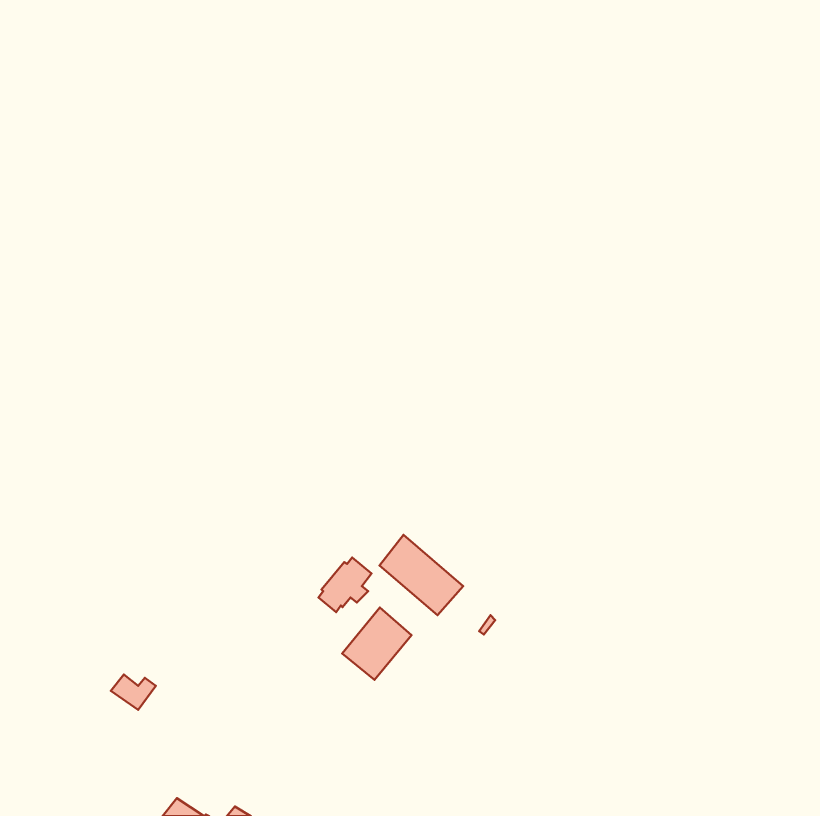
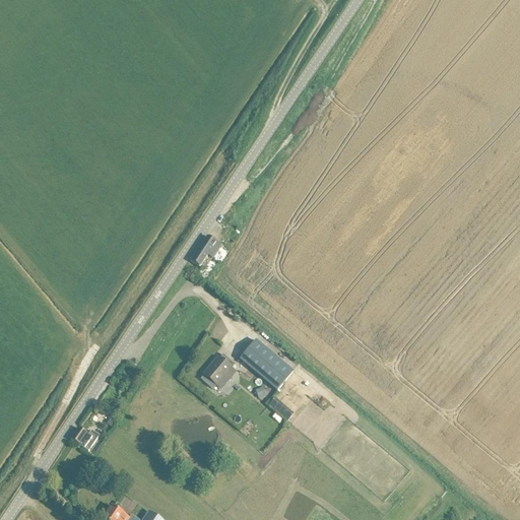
building: none -> [191,235,221,266]
building: [342,608,411,680] -> none

